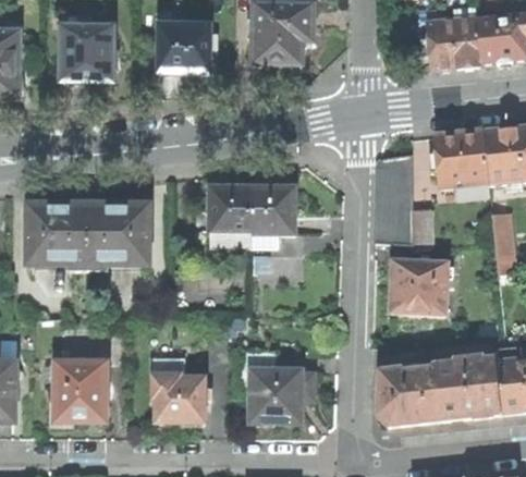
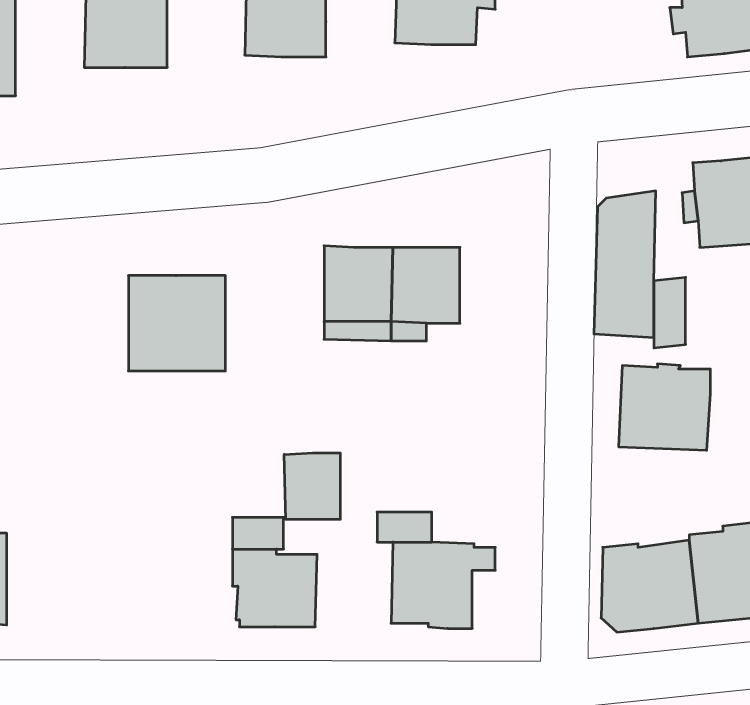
building: [28,203,88,262] -> none
building: none -> [284,453,340,519]
building: [53,362,103,418] -> none

